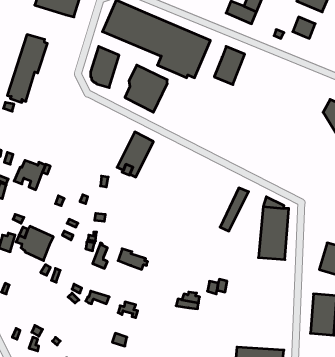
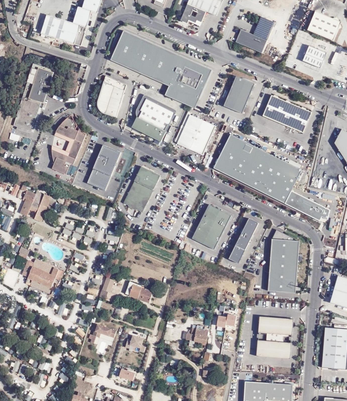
building: none -> [264,95,313,132]
building: none -> [51,114,86,174]
building: none -> [177,114,215,154]
building: none -> [213,134,330,220]
building: none -> [87,144,120,188]
building: none -> [193,204,232,249]
building: none -> [256,315,292,358]

